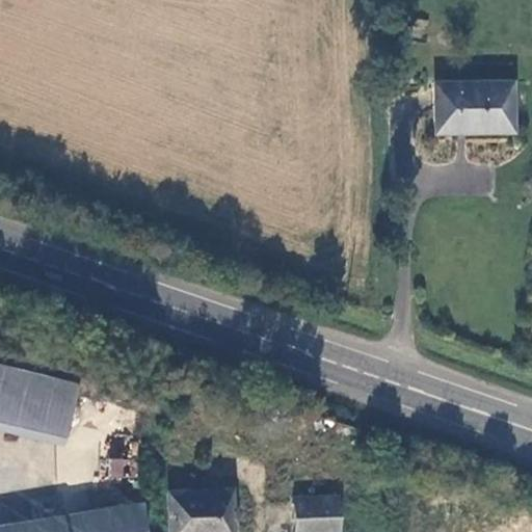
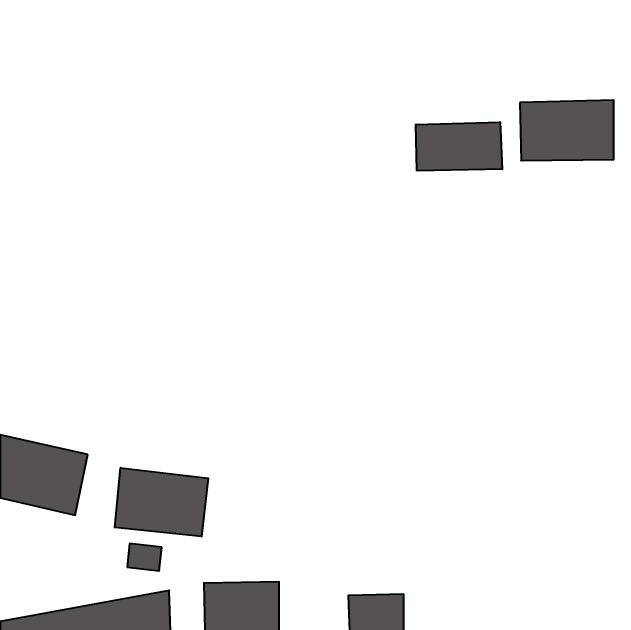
building: none -> [416,122,502,171]
building: none -> [115,468,208,537]

